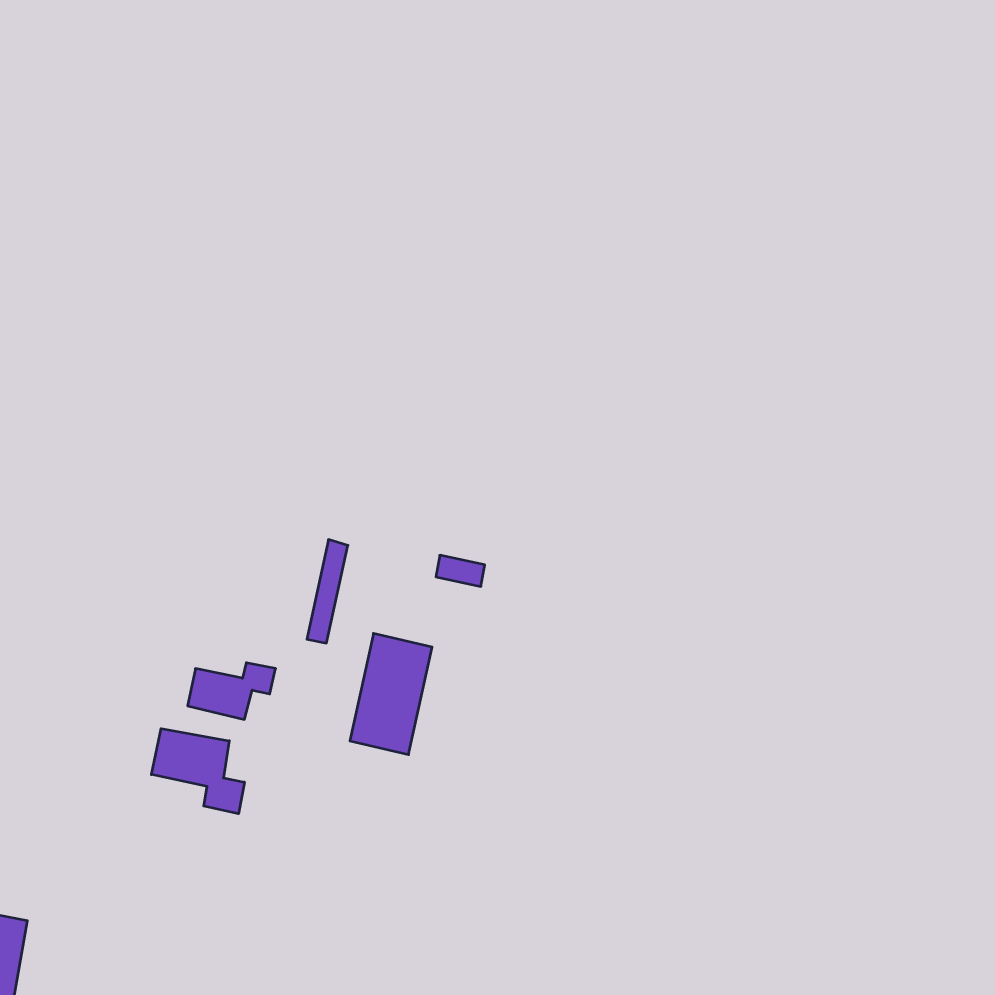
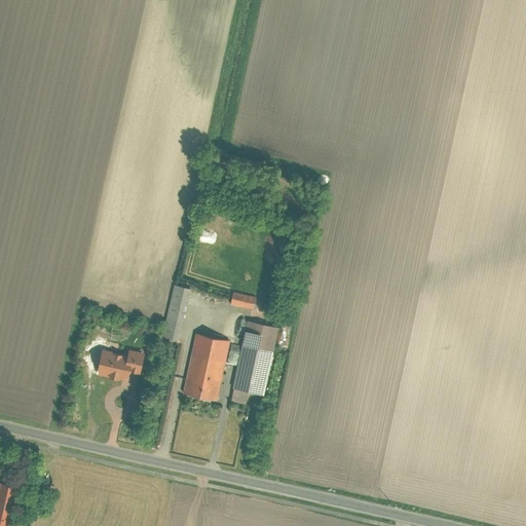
building: none -> [232,323,277,394]
building: [151,729,244,814] -> none

